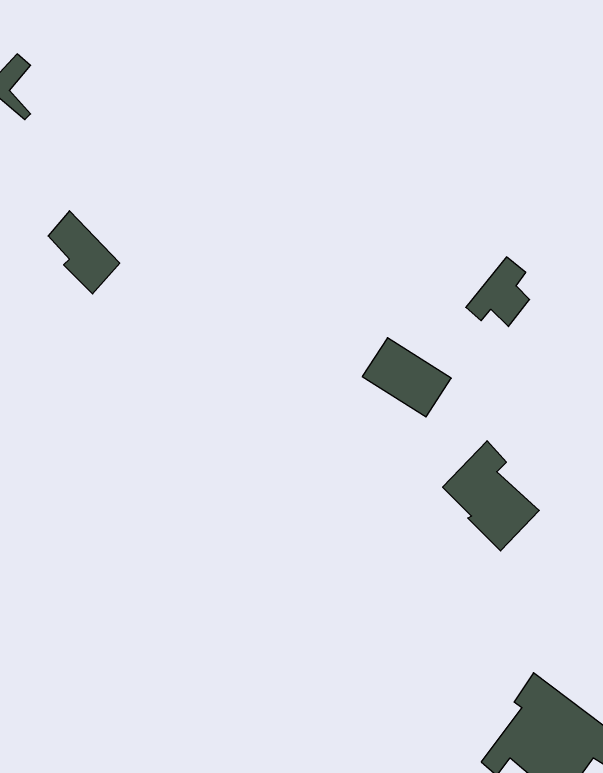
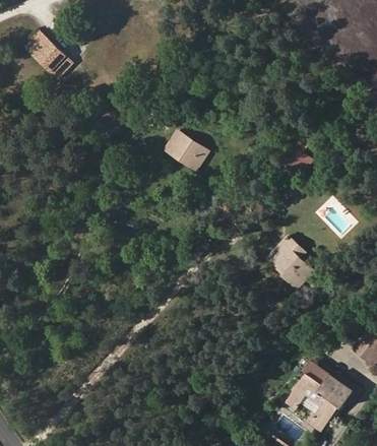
building: [48,211,120,294] -> [36,37,73,80]
building: [362,338,451,417] -> [161,129,207,171]

